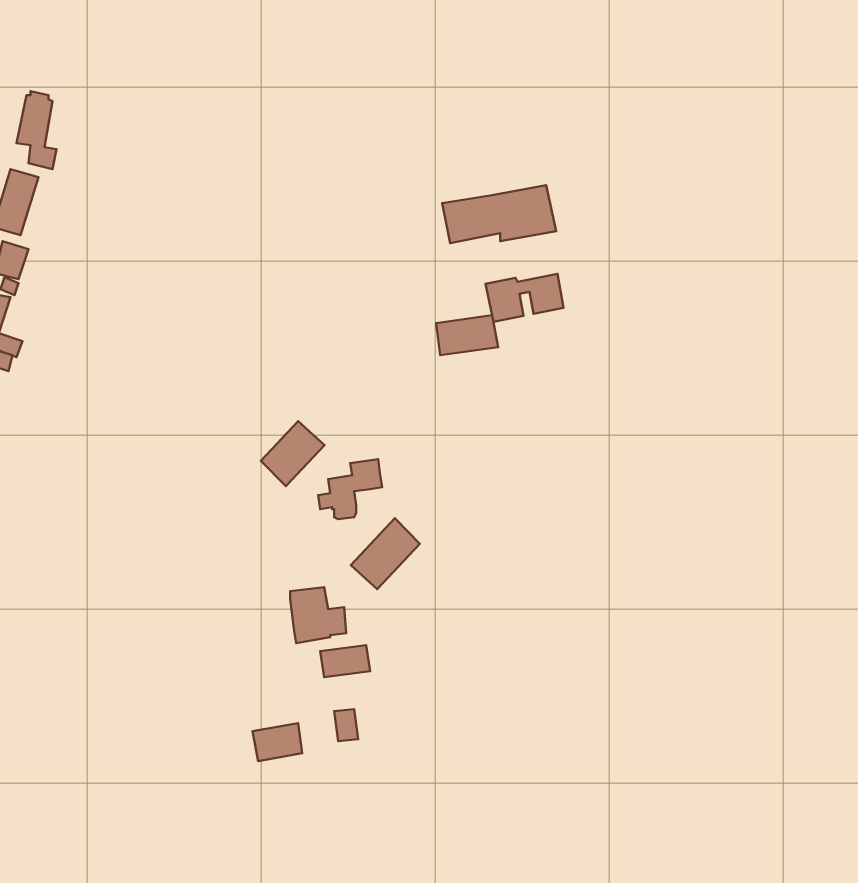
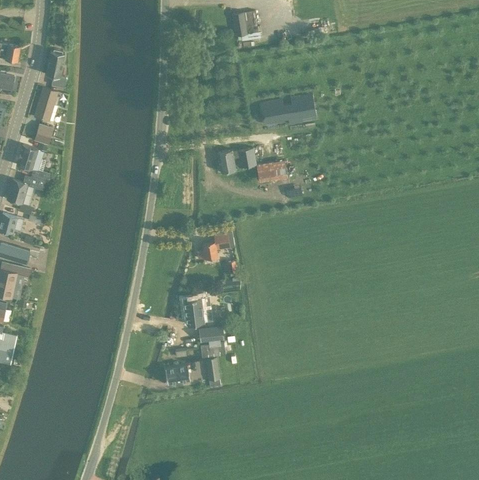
building: none -> [233,11,258,35]
building: [486,274,564,322] -> [217,148,256,172]
building: [261,421,324,486] -> none
building: [351,518,420,589] -> none

